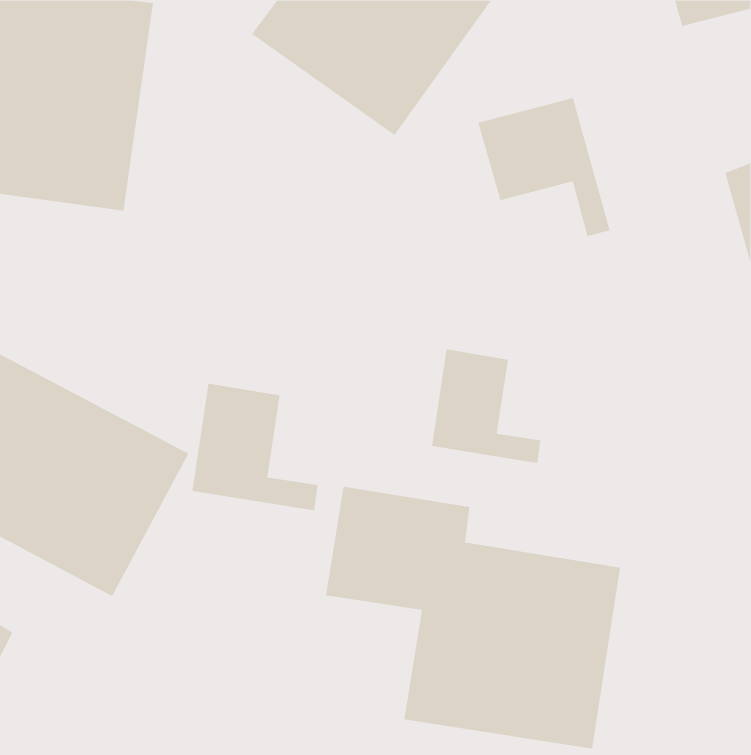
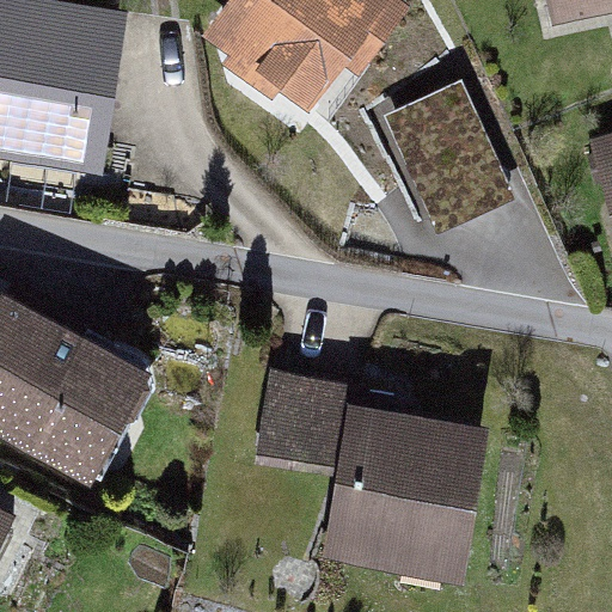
building: [431,349,541,464] -> none
building: [192,383,318,511] -> none

